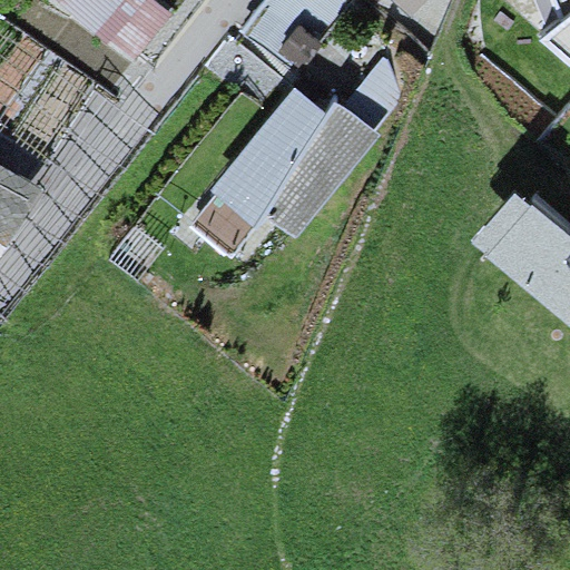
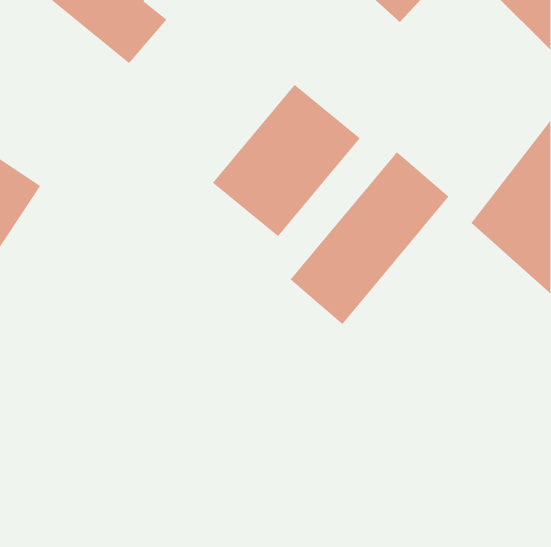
building: none -> [289,151,450,325]

